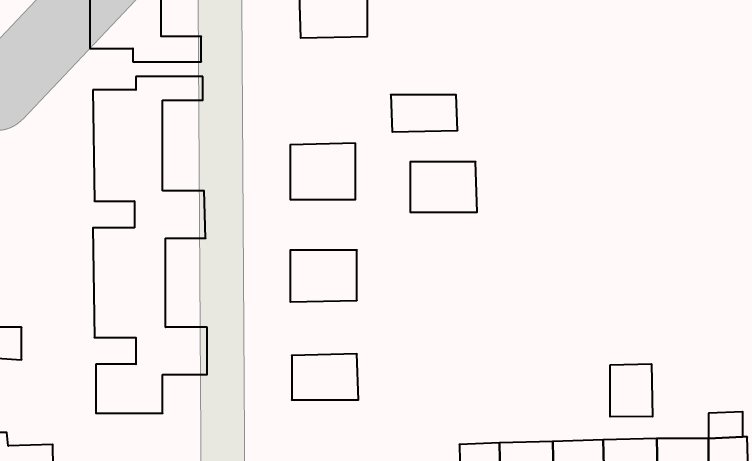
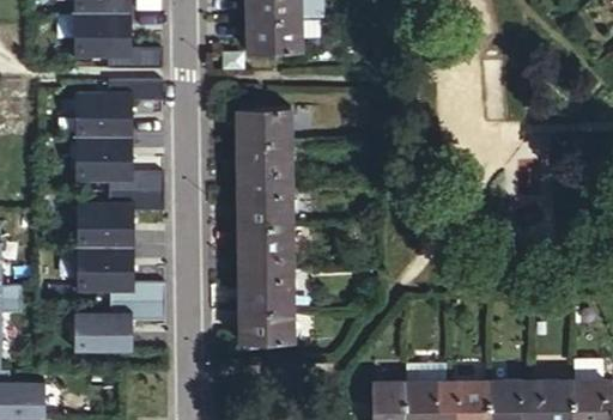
building: [391,95,458,132] -> [235,109,289,139]
building: [410,162,477,212] -> [236,183,290,224]
building: none -> [236,264,290,309]
building: [610,364,653,417] -> none

